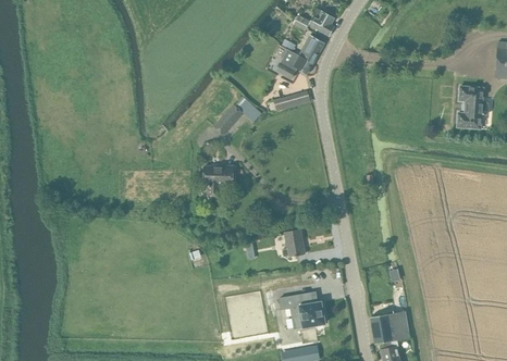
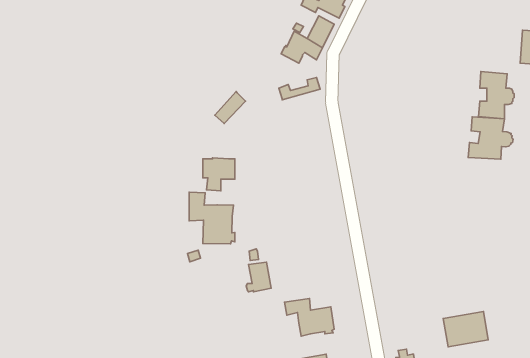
building: none -> [468,117,513,159]
building: none -> [189,192,235,244]
building: [282,228,305,256] -> [246,262,271,292]
building: [369,309,410,341] -> [443,311,488,347]

